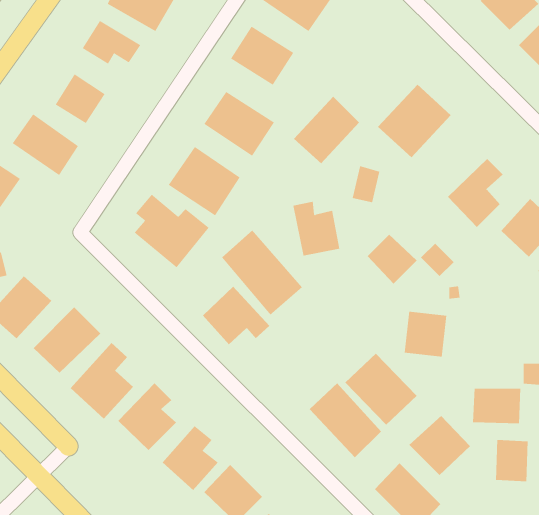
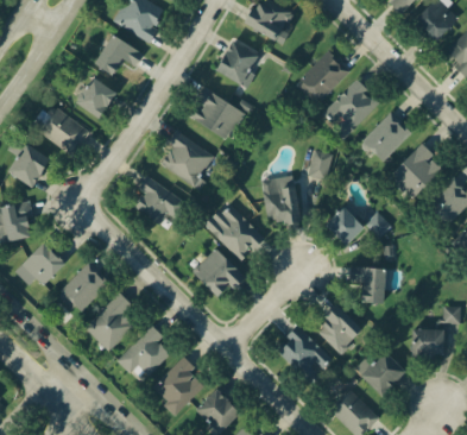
building: [293,96,360,164] -> [304,52,358,107]
building: none -> [362,115,412,166]
building: [496,439,528,482] -> none

